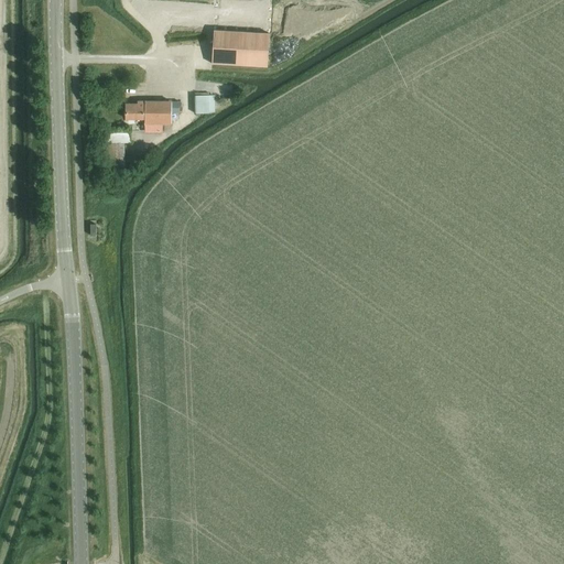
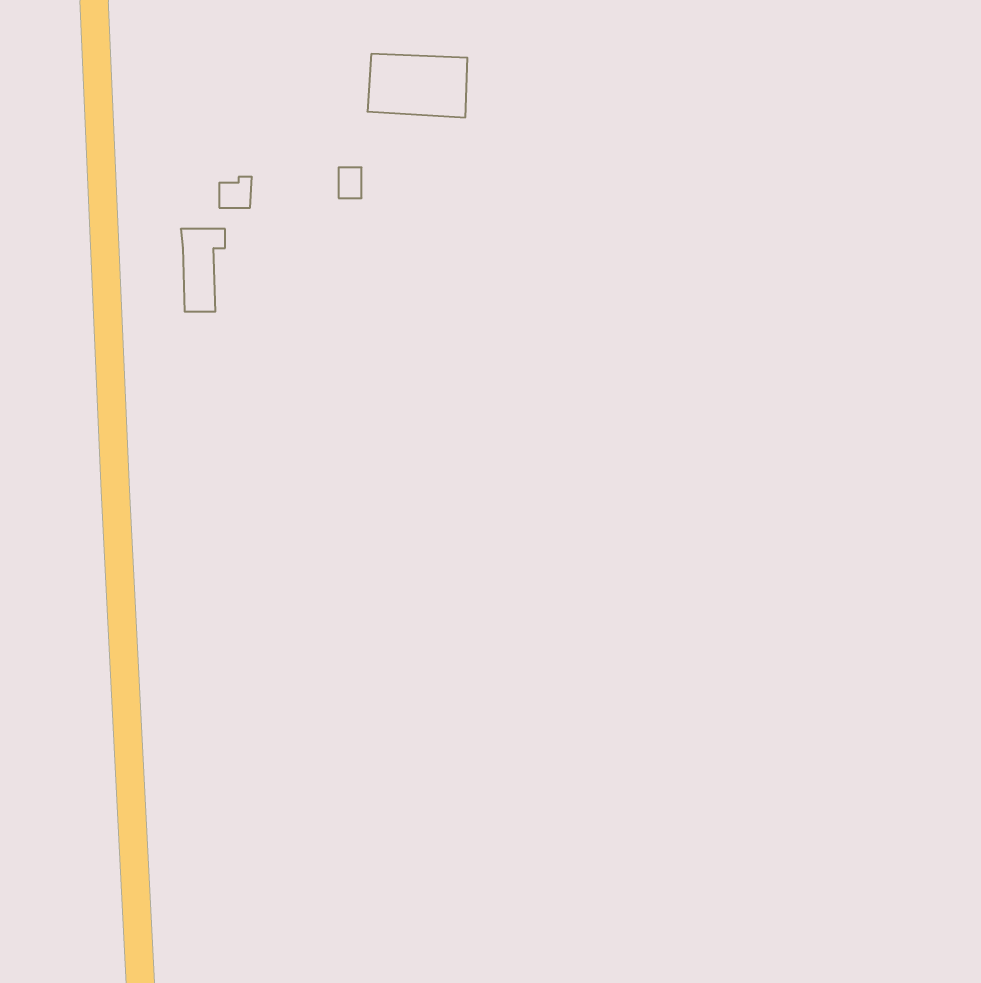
building: [143,101,178,123] -> none

